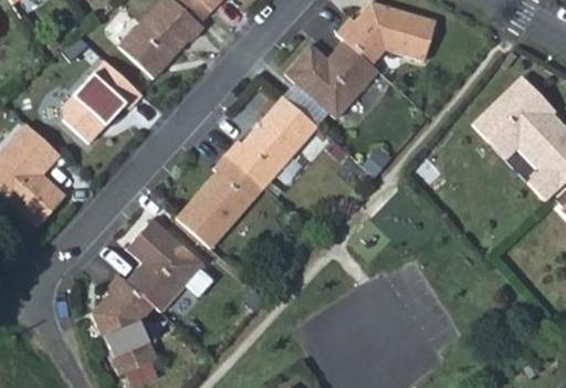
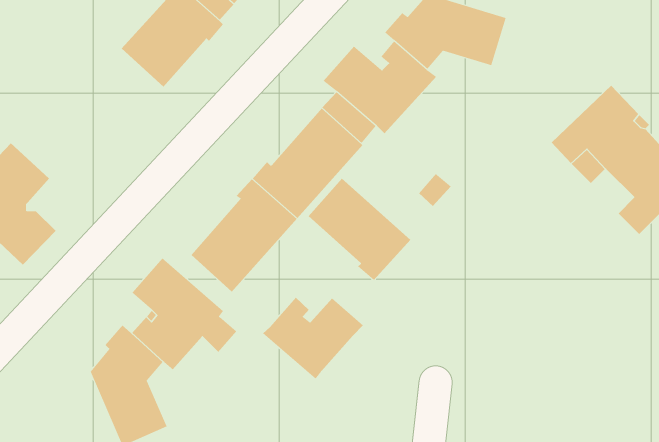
building: [63,60,143,143] -> none
building: none -> [308,178,411,281]
building: none -> [262,297,364,379]

